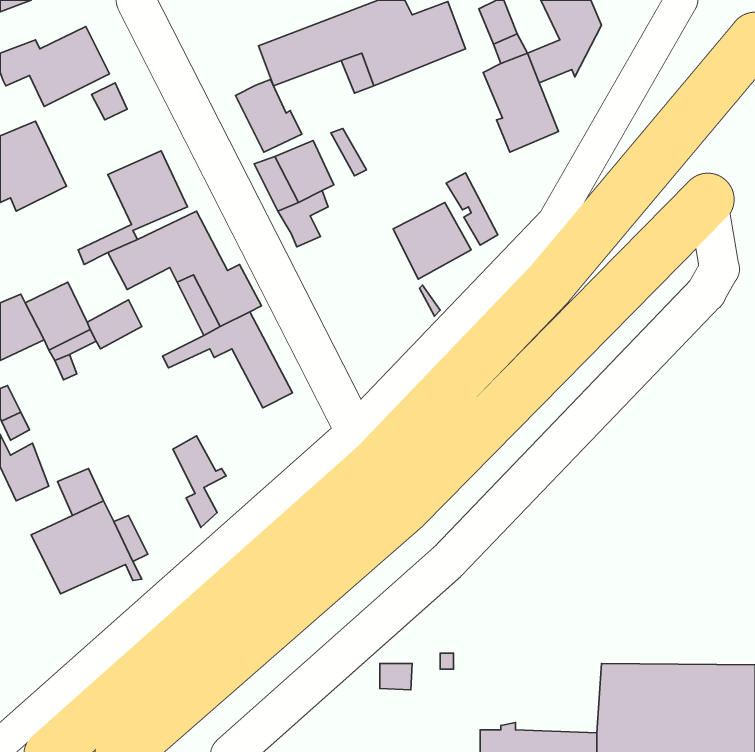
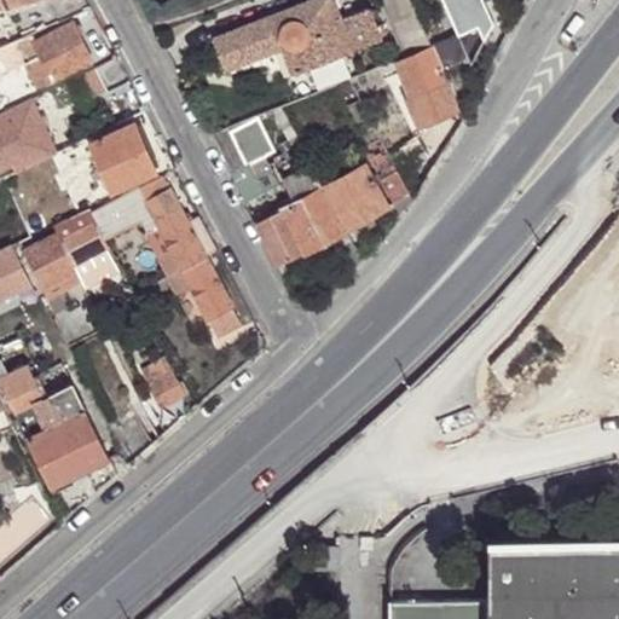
building: [236,79,302,152] -> none
building: none -> [253,168,343,267]
building: none -> [52,209,108,266]

